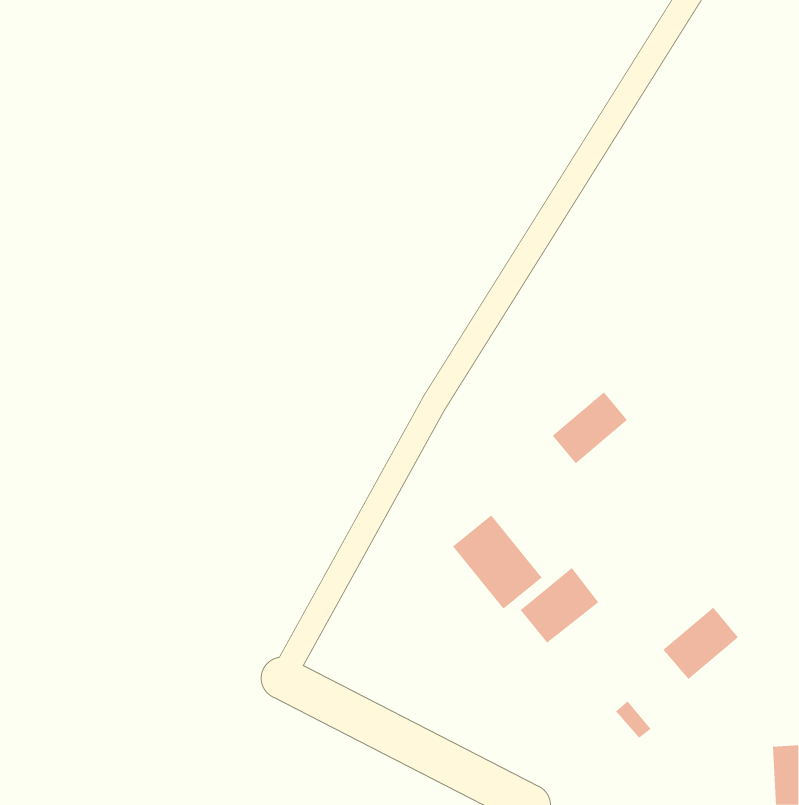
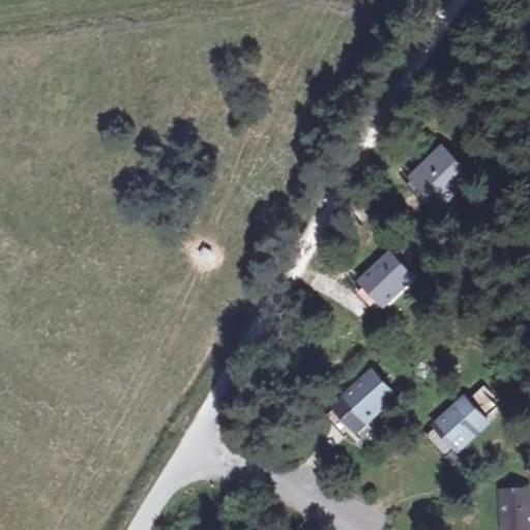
building: none -> [408,151,460,201]
building: [452,515,543,609] -> none

